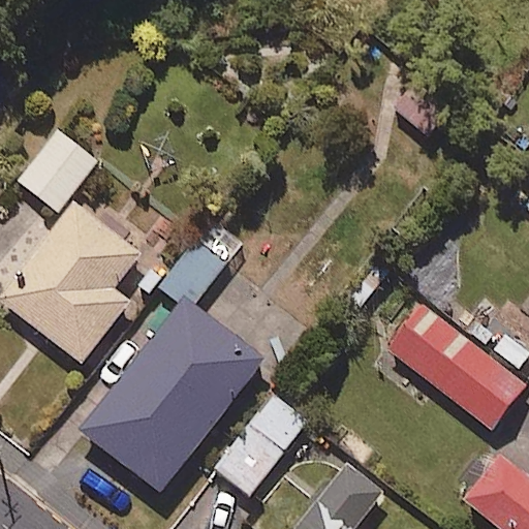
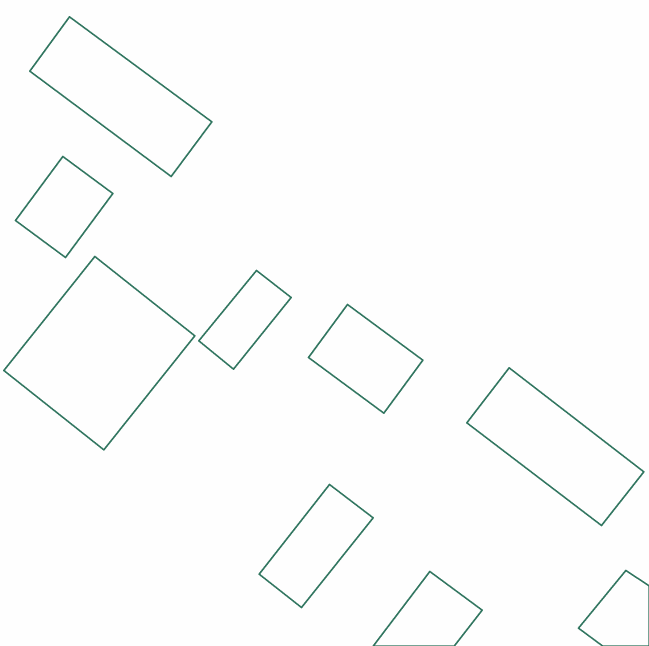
building: none -> [30,17,212,177]
building: none -> [308,305,423,413]
building: [80,303,268,495] -> none

